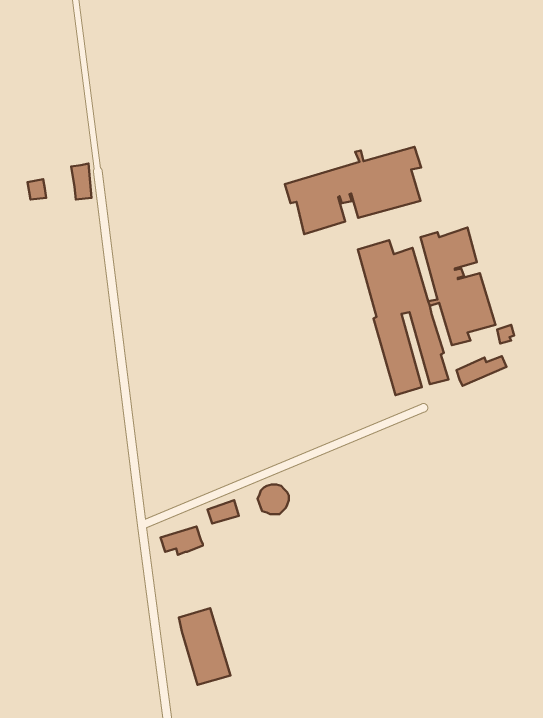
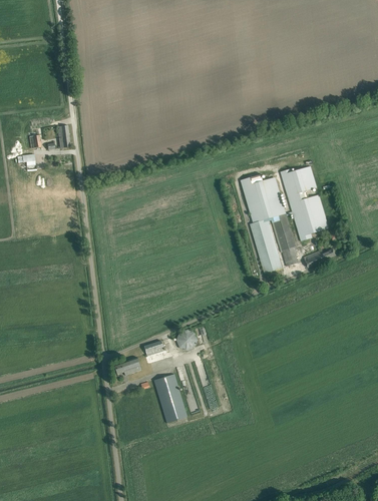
building: [285,147,421,234] -> none
building: [179,608,230,685] -> [153,373,186,422]

